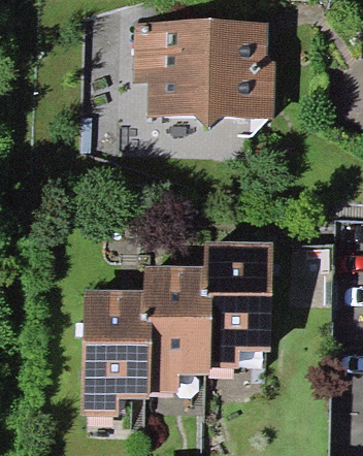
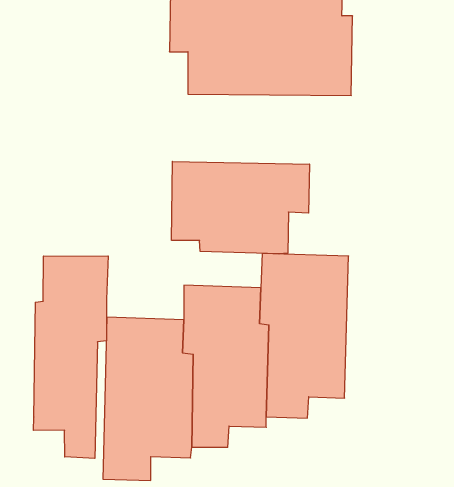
building: none -> [172,161,309,254]
building: none -> [33,256,108,458]

